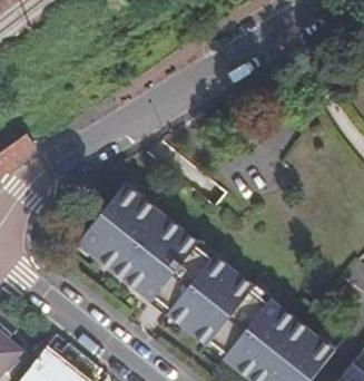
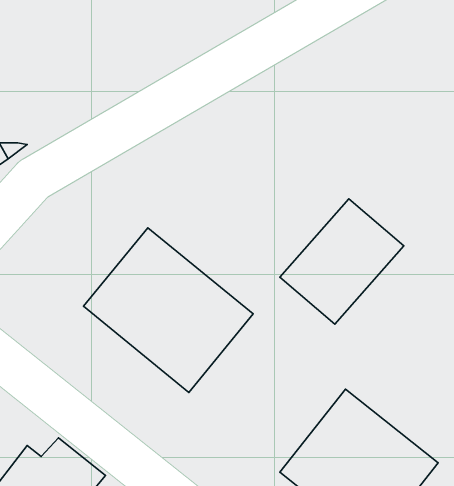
building: [171,264,259,353] -> [280,199,404,324]

